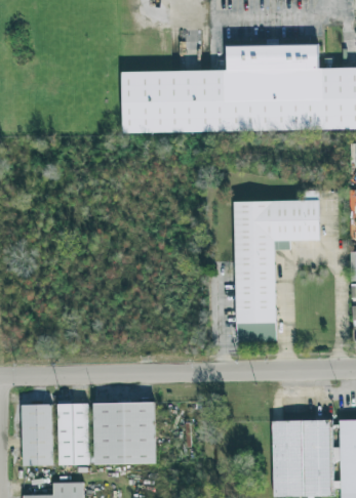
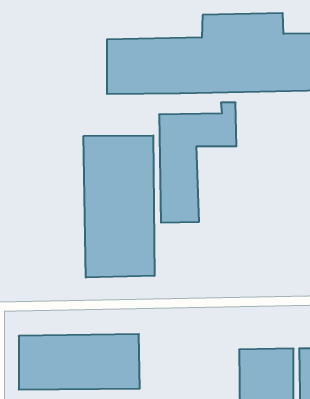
building: none -> [84,135,154,278]
building: [233,189,320,324] -> [159,103,236,223]

